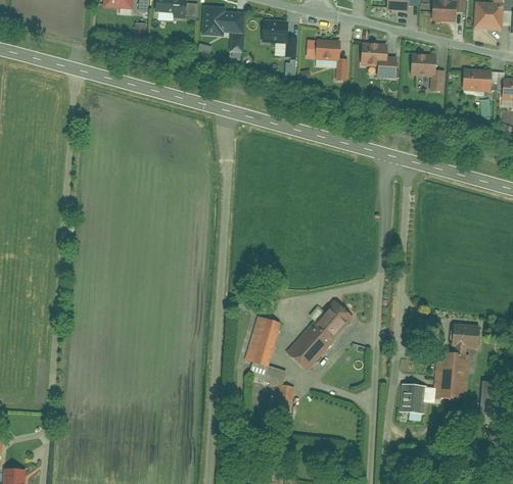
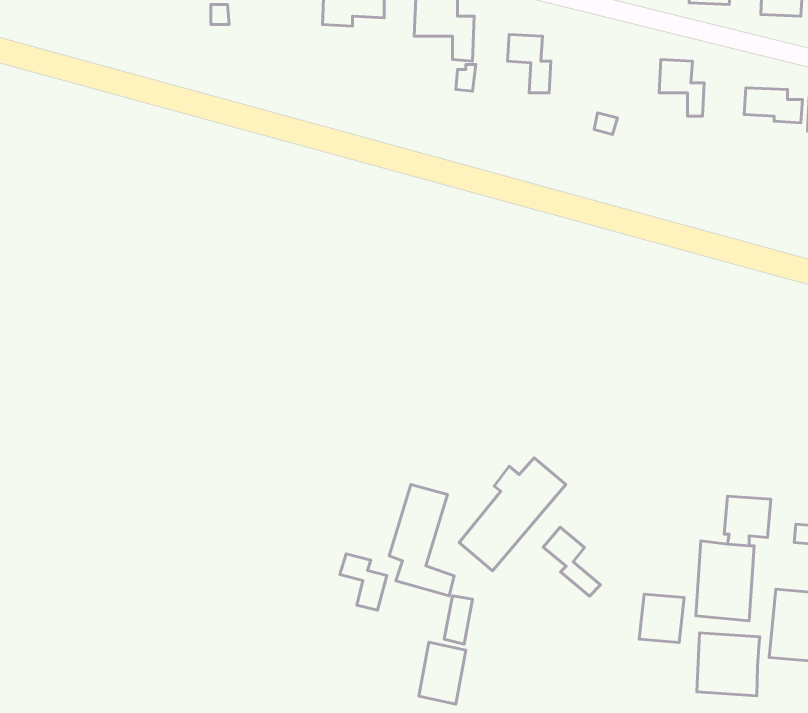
building: [361,44,393,76] -> none
building: none -> [543,527,601,596]
building: none -> [340,554,387,610]
building: none -> [697,633,760,696]
building: none -> [419,642,466,704]

